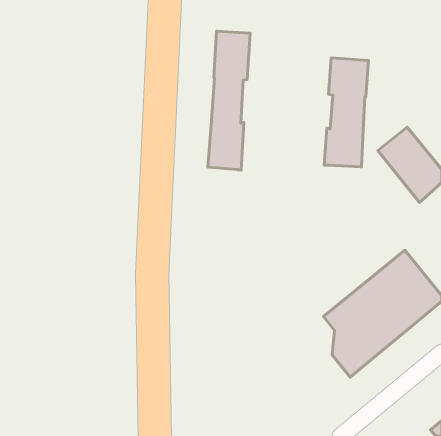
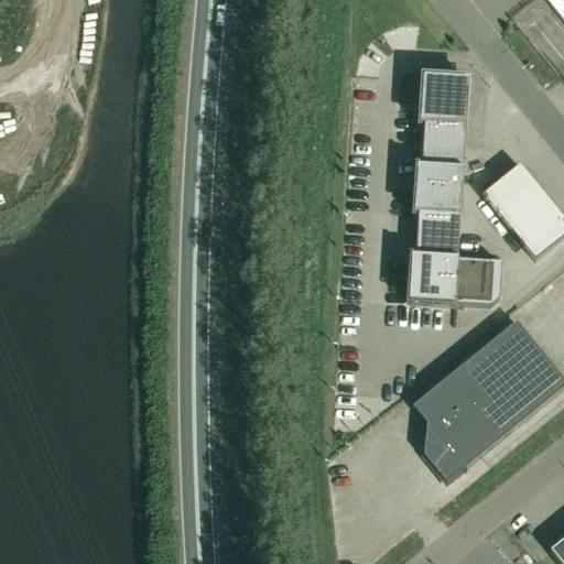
building: [208,31,250,170] -> none
building: none -> [409,210,502,304]

